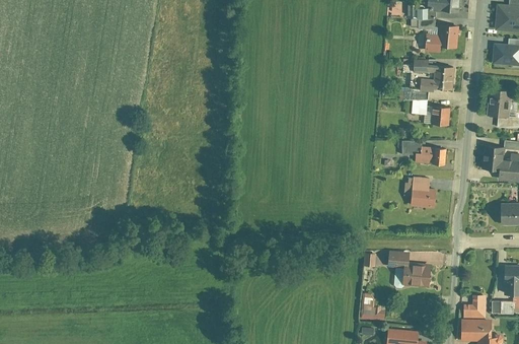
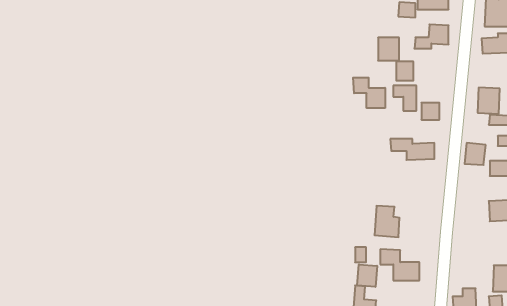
building: [430,65,451,88] -> [378,38,399,61]
building: none -> [353,78,385,108]
building: [410,175,435,206] -> [374,206,400,237]
building: none -> [357,264,377,287]

